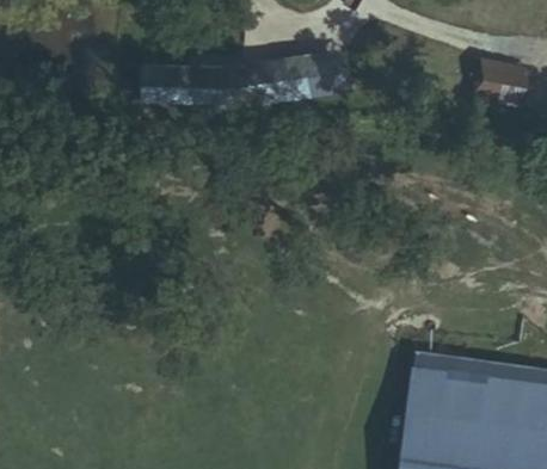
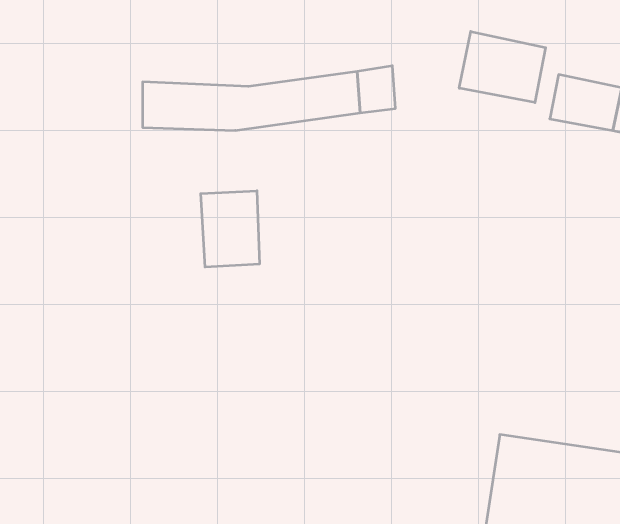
building: none -> [459,31,546,103]
building: none -> [201,191,259,267]

